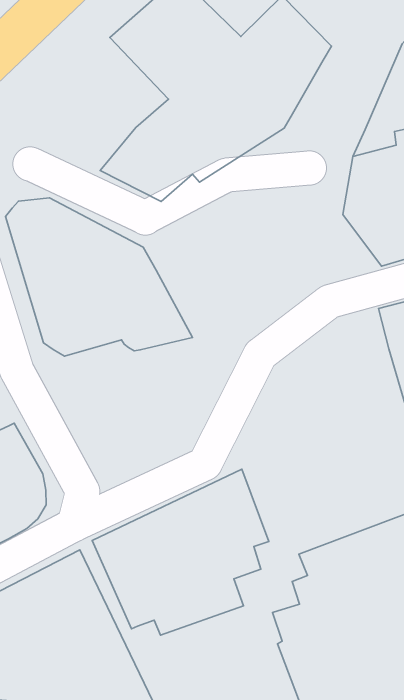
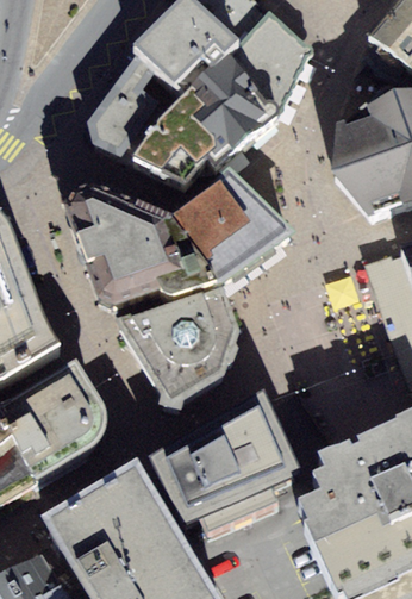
building: none -> [87,48,185,156]
building: none -> [173,166,298,286]
building: none -> [116,289,241,411]

